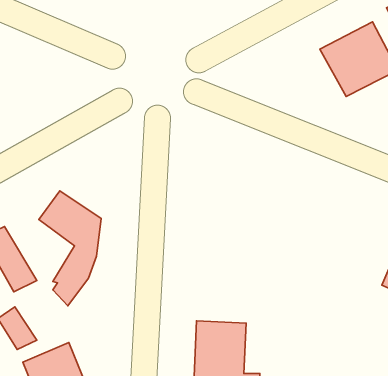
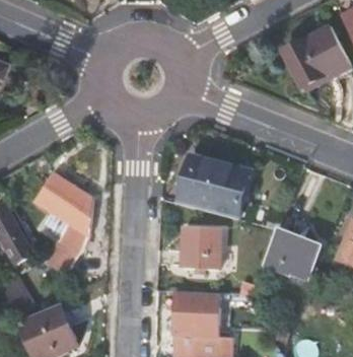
building: none -> [178,157,248,218]
building: none -> [181,224,221,269]
building: none -> [263,230,320,276]

